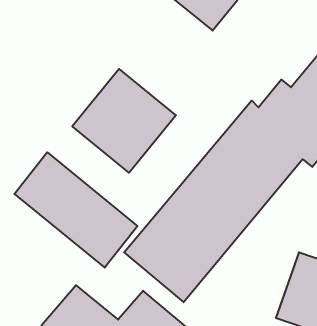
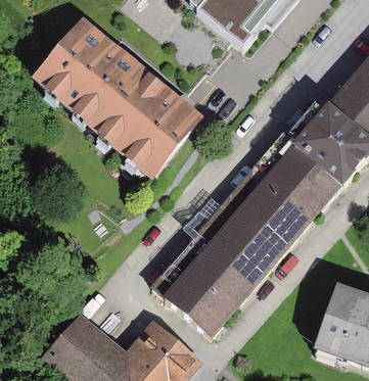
building: none -> [31,33,144,145]
building: [14,152,137,268] -> none

